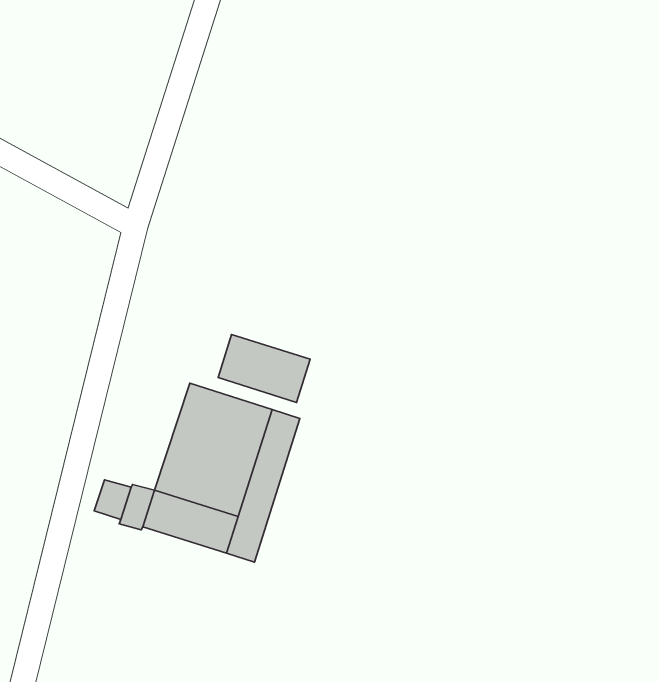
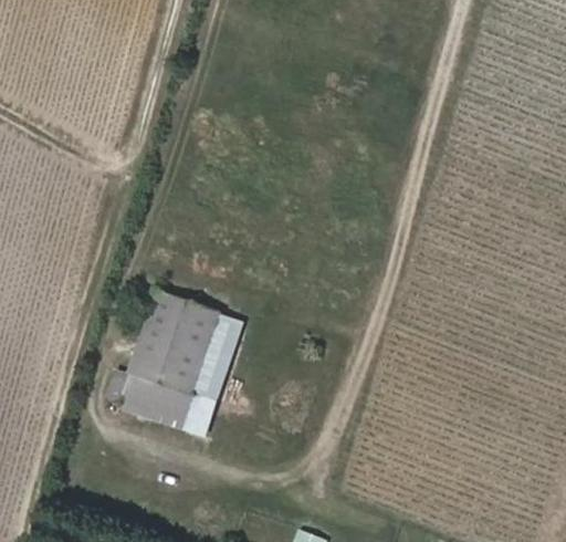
building: [218,334,310,402] -> none

